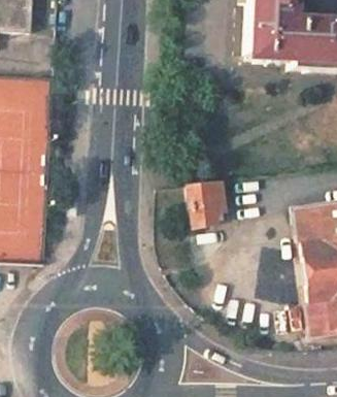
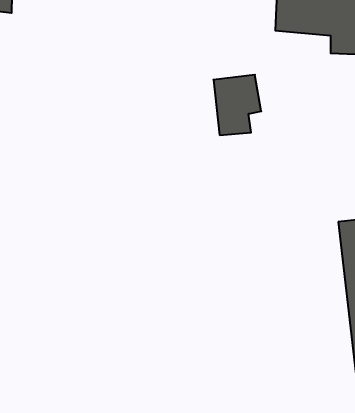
building: [186,177,225,227] -> [213,75,261,135]

